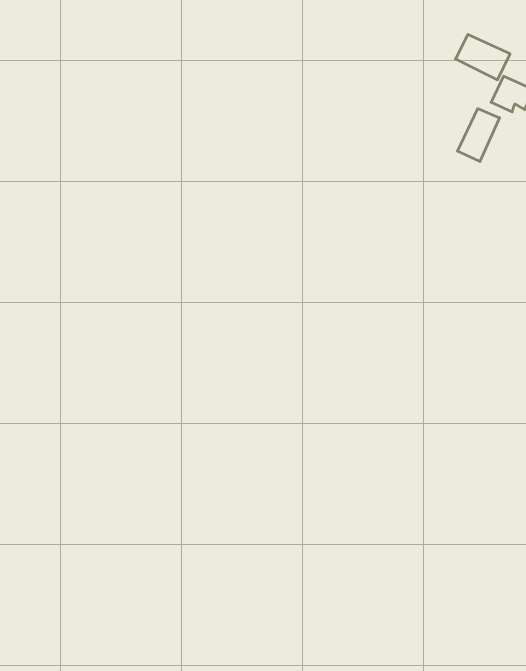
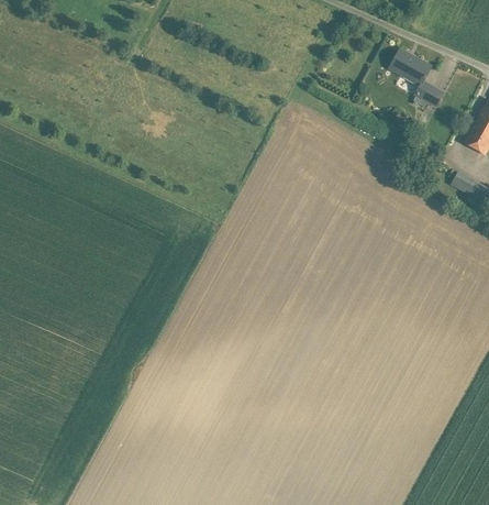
building: [457,109,500,162] -> none

